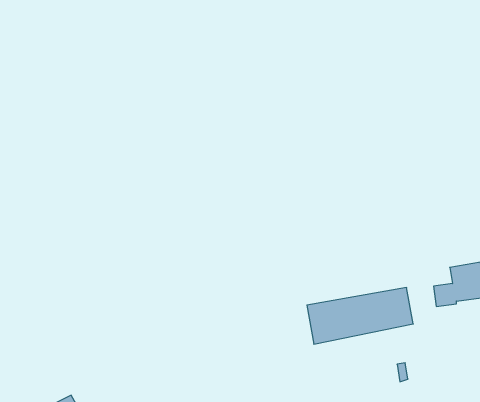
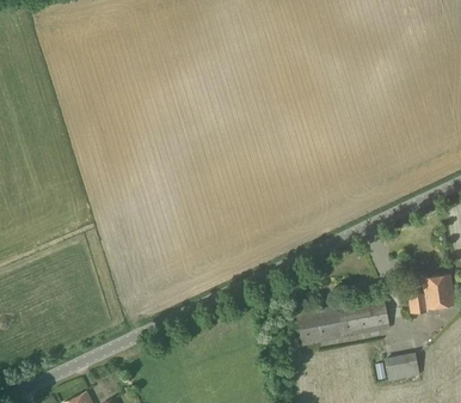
building: none -> [385,354,418,380]

